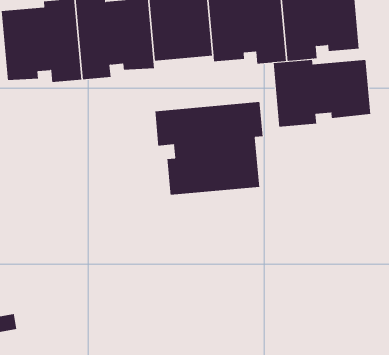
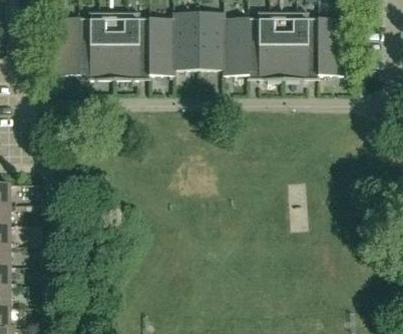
building: [273,59,371,128] -> none
building: [155,101,263,196] -> none

